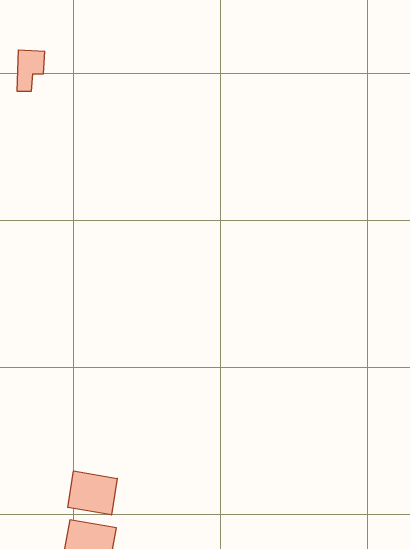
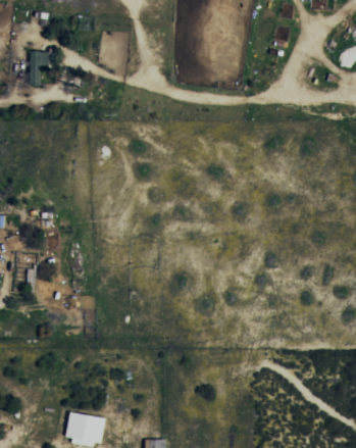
building: [68,471,117,515] -> none

